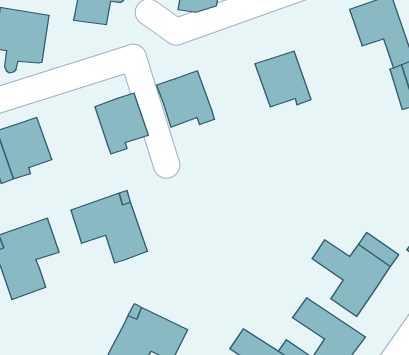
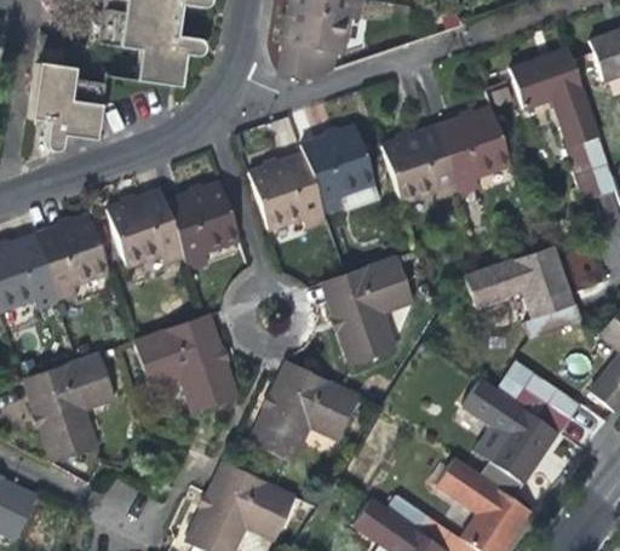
building: none -> [437,104,512,189]
building: none -> [304,122,378,203]
building: none -> [109,186,185,263]
building: none -> [466,245,586,339]
building: none -> [326,253,417,362]
building: none -> [249,366,360,460]

